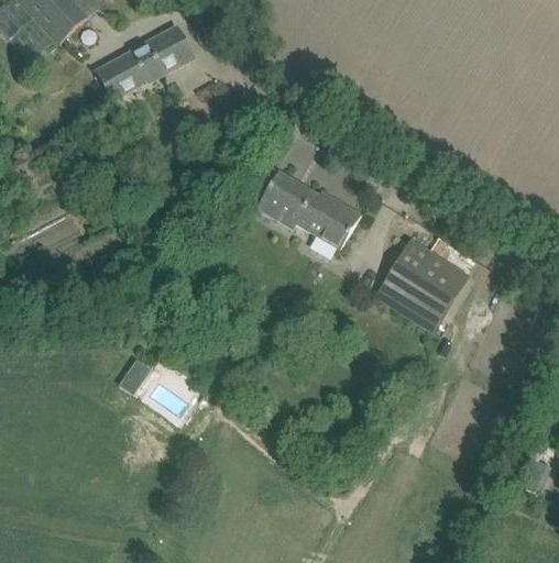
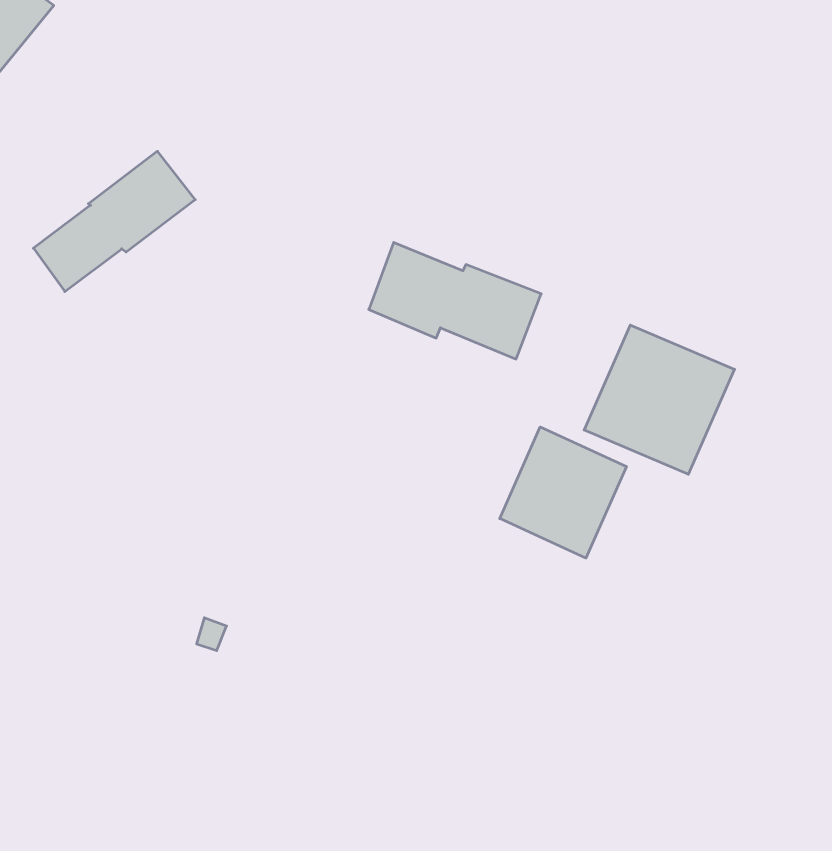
building: [96,25,193,98] -> [33,151,195,292]
building: none -> [500,427,626,558]

